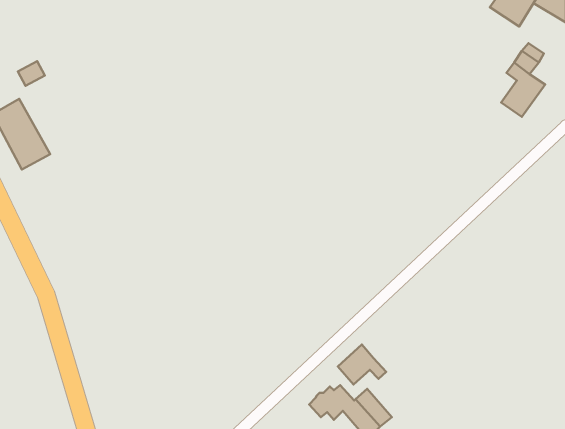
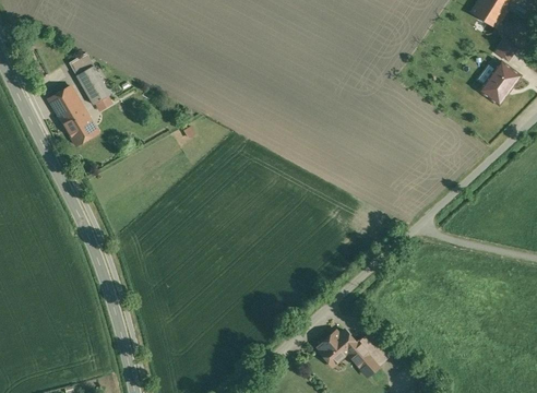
building: none -> [77,68,110,106]
building: [338,345,386,385] -> none

